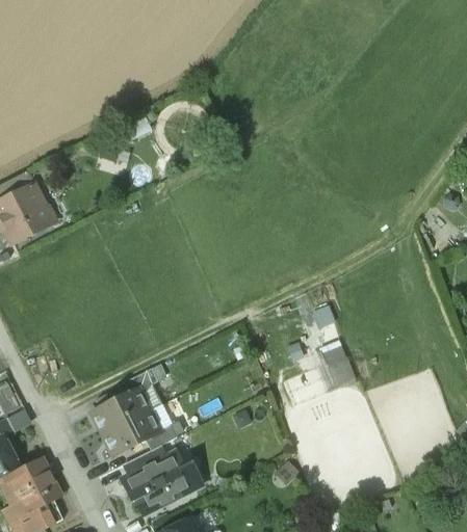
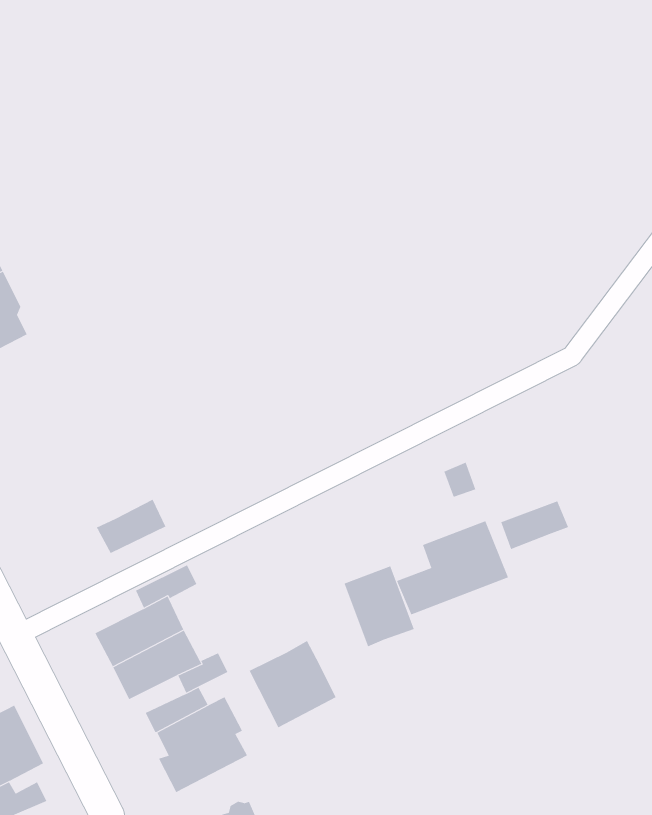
building: none -> [96,499,166,554]
building: none -> [500,500,569,550]
building: none -> [344,565,414,647]
building: none -> [249,640,336,728]

